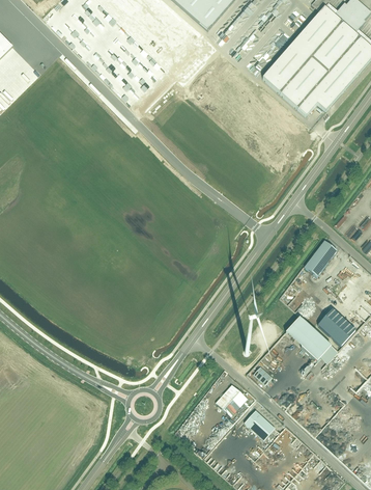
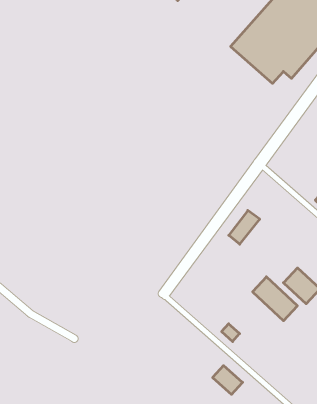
building: [305,238,337,273] -> [229,210,260,244]
building: [216,382,247,414] -> none

